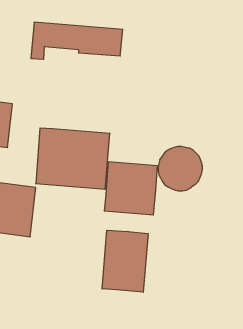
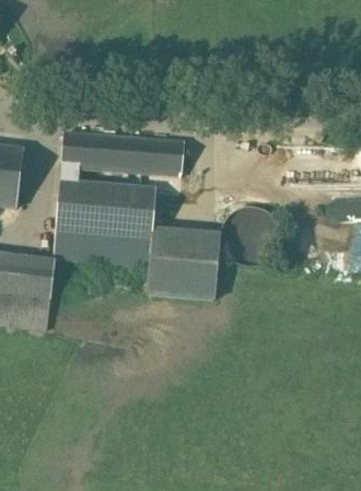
building: [31,22,123,59] -> [59,131,184,182]
building: [102,230,148,292] -> none

